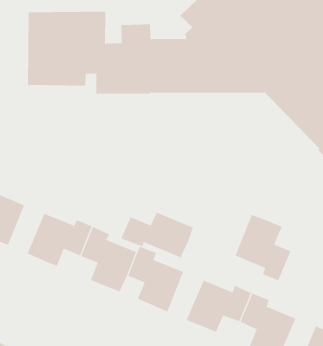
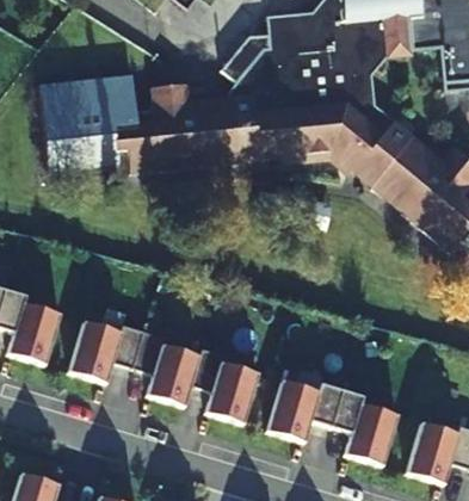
building: [121,212,193,258] -> none
building: [235,214,291,281] -> none

